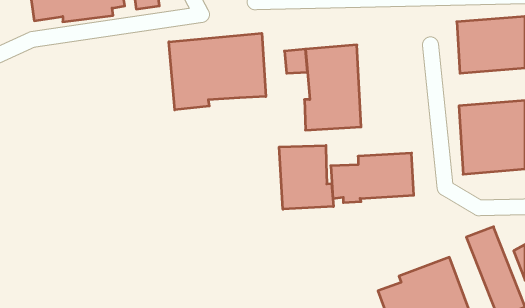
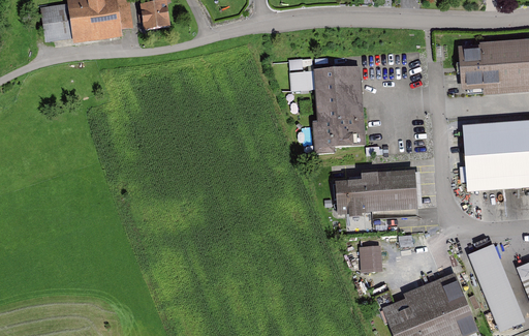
building: [169,33,266,110] -> none
building: [279,145,333,209] -> none
building: none -> [361,247,384,269]

